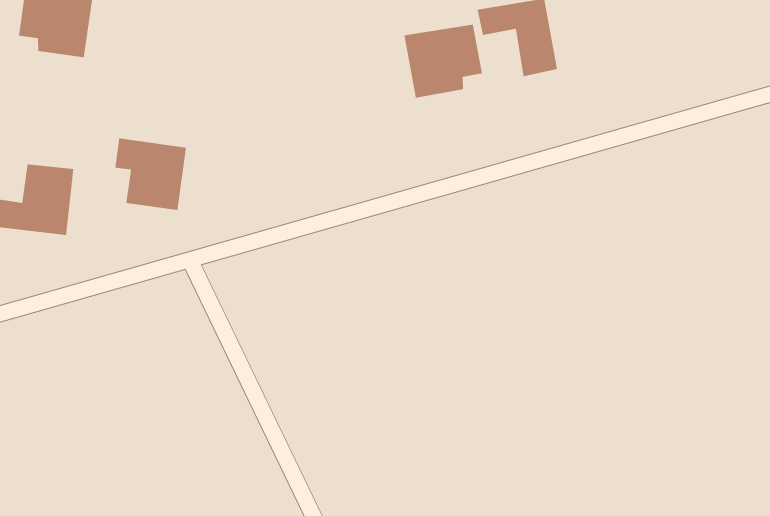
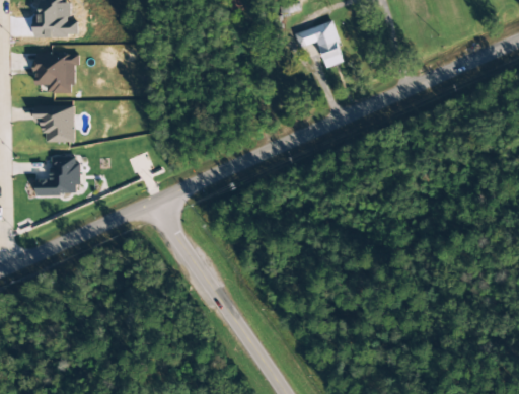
building: [404,24,483,99] -> none
building: [114,138,187,211] -> [34,105,74,142]

